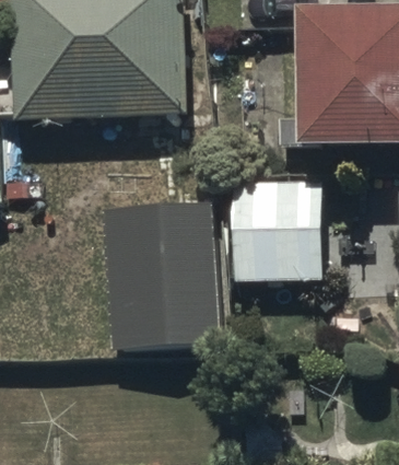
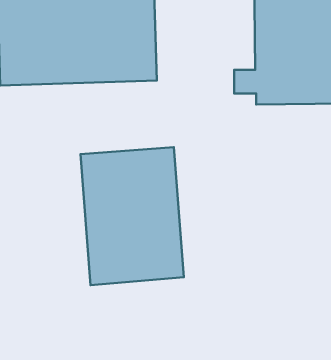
building: [231,179,324,280] -> none

